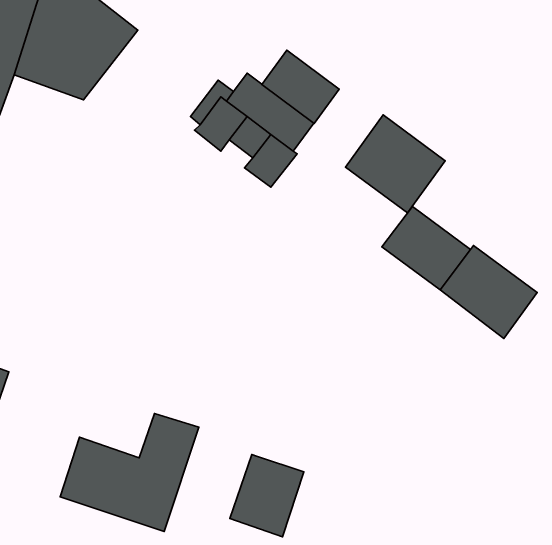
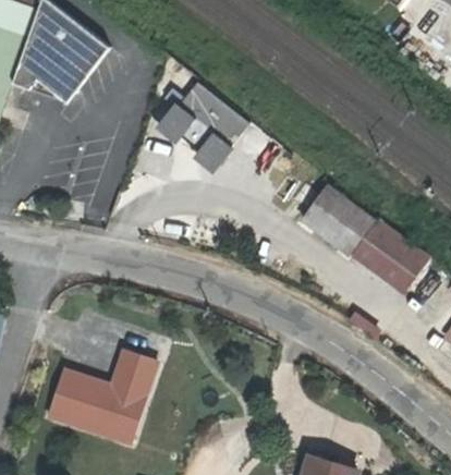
building: [262,50,339,124] -> none
building: [346,115,445,213] -> none
building: [230,454,304,537] -> none

